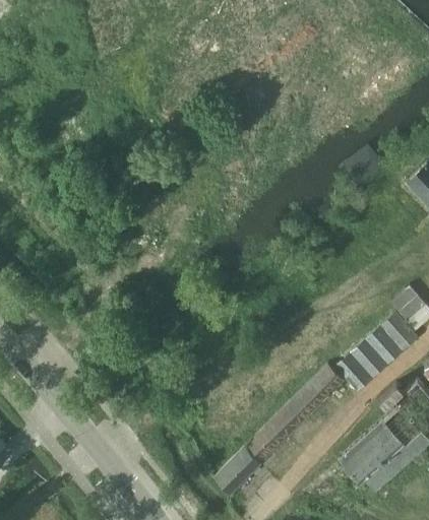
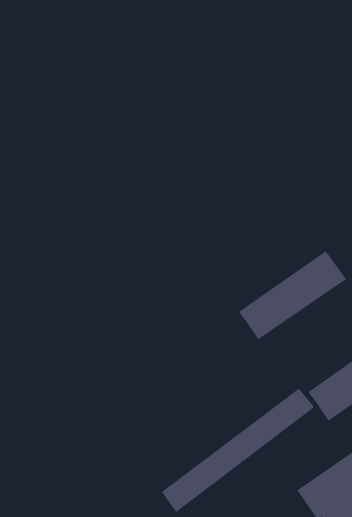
building: none -> [238,250,347,340]

